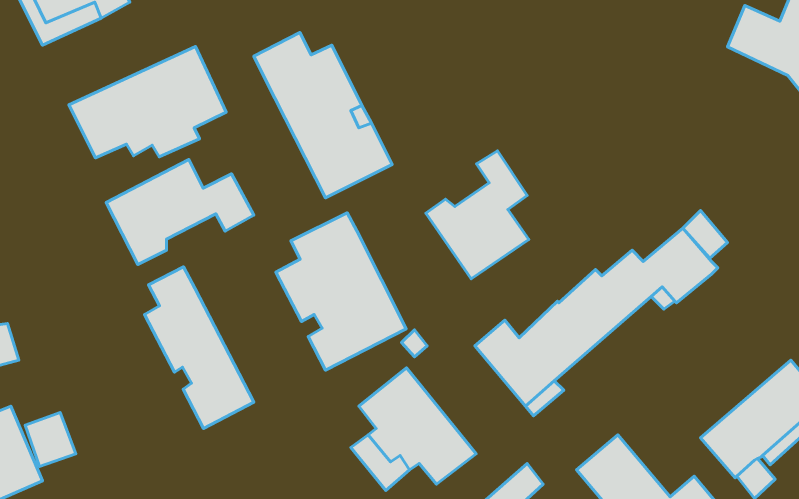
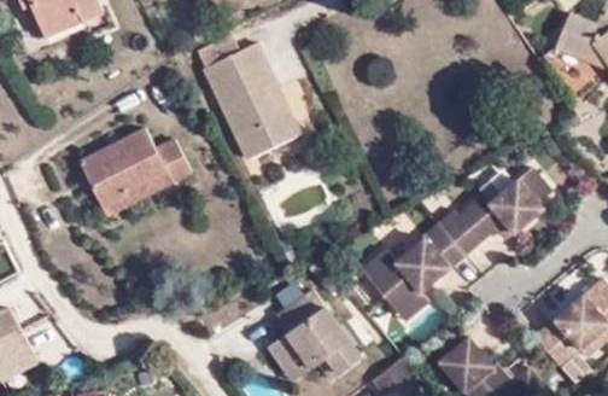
building: [69,47,226,158] -> none
building: [426,151,529,279] -> none
building: [276,213,406,370] -> none
building: [145,267,254,429] -> none

